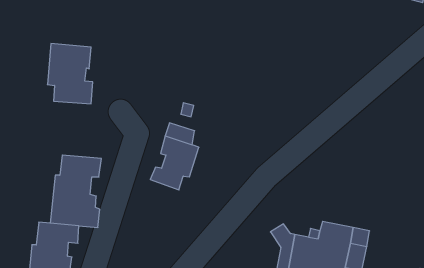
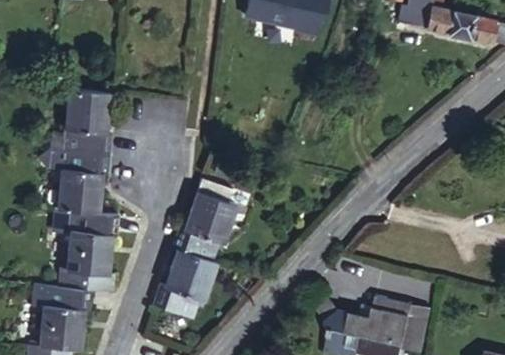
building: none -> [41,150,108,216]
building: none -> [153,242,216,316]

